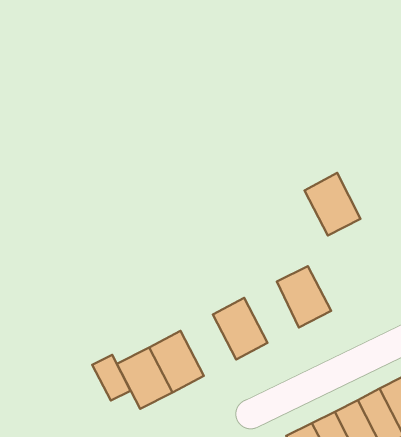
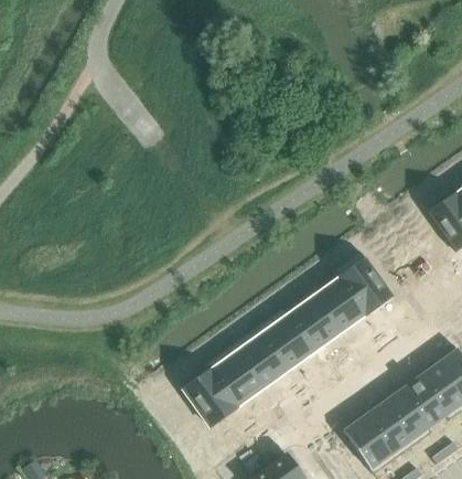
building: [305,173,360,235] -> [340,257,393,313]
building: none -> [288,295,340,350]
building: none -> [236,332,289,387]
building: [92,355,131,400] -> none

